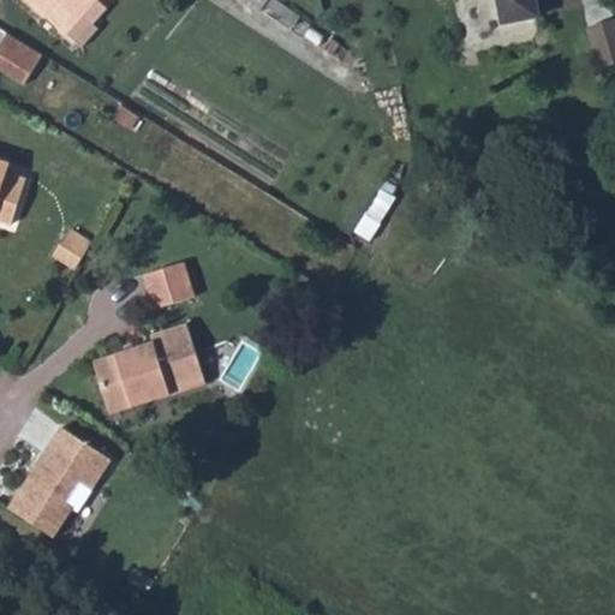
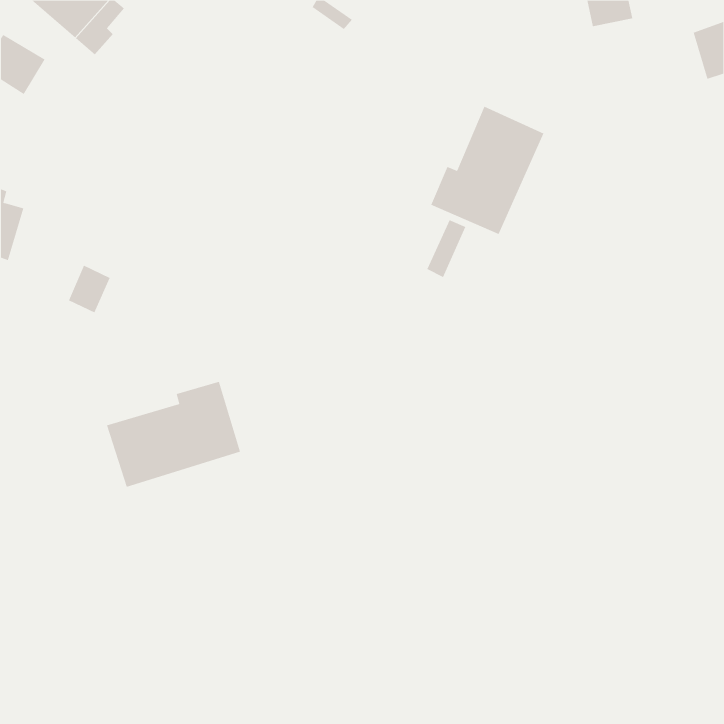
building: none -> [431,106,544,235]
building: [142,262,193,309] -> none
building: [5,423,109,536] -> none

